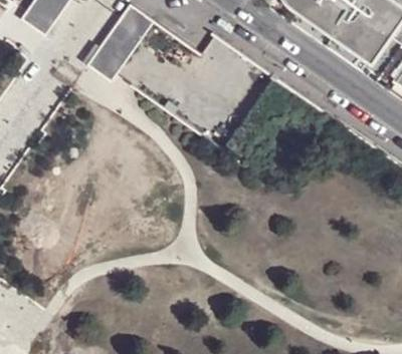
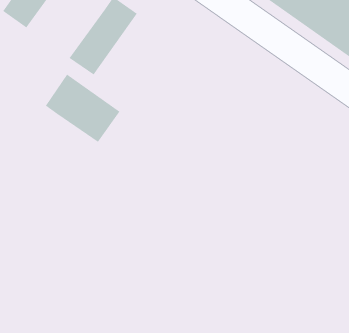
building: none -> [45,73,121,143]

